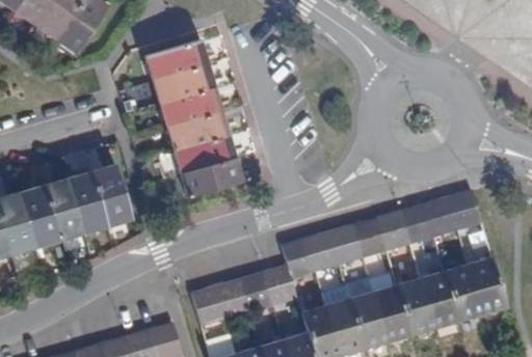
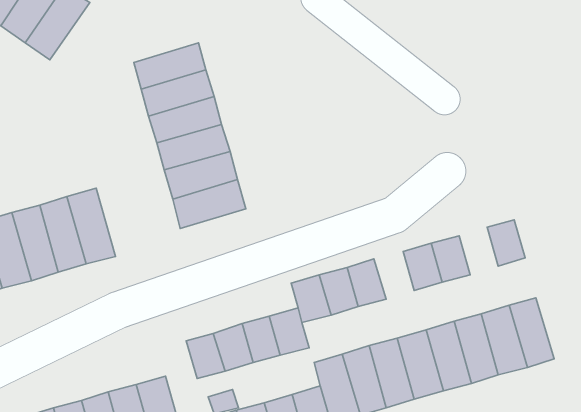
building: [424,196,457,237] -> none
building: [351,217,385,257] -> none

